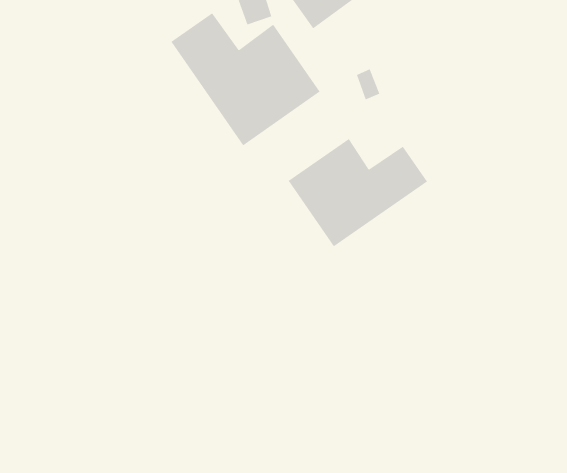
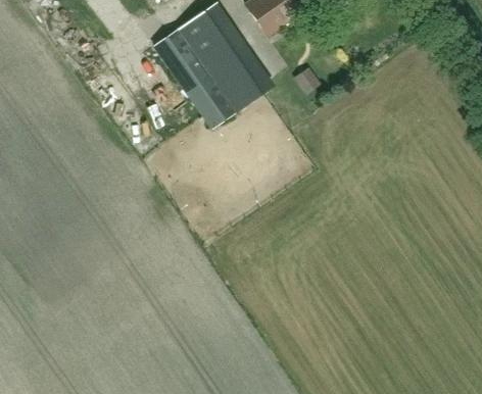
building: [288,138,428,247] -> none

